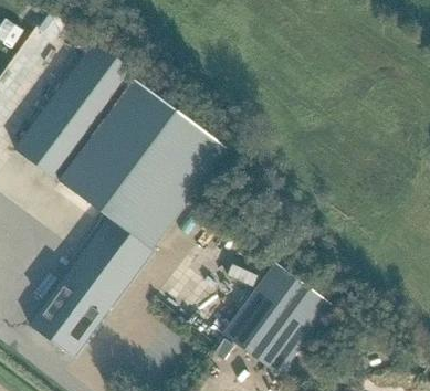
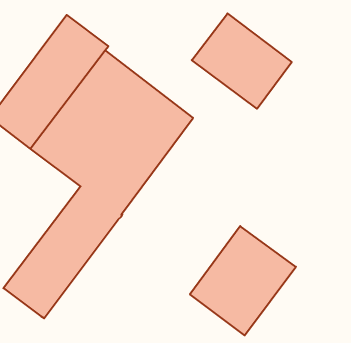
building: none -> [192,13,292,109]

